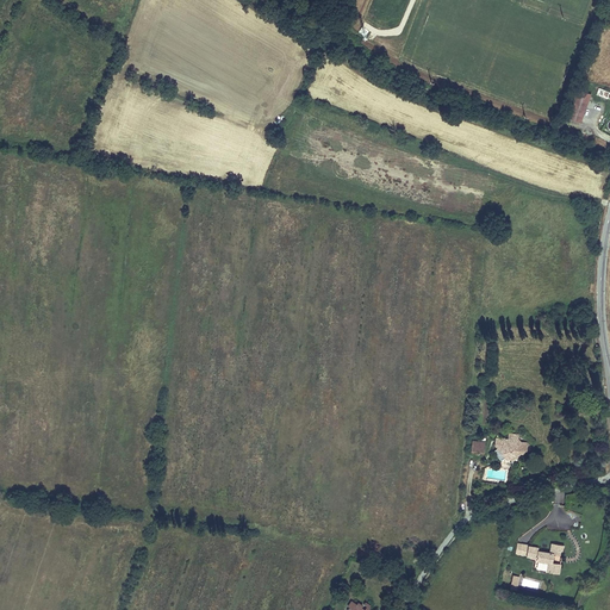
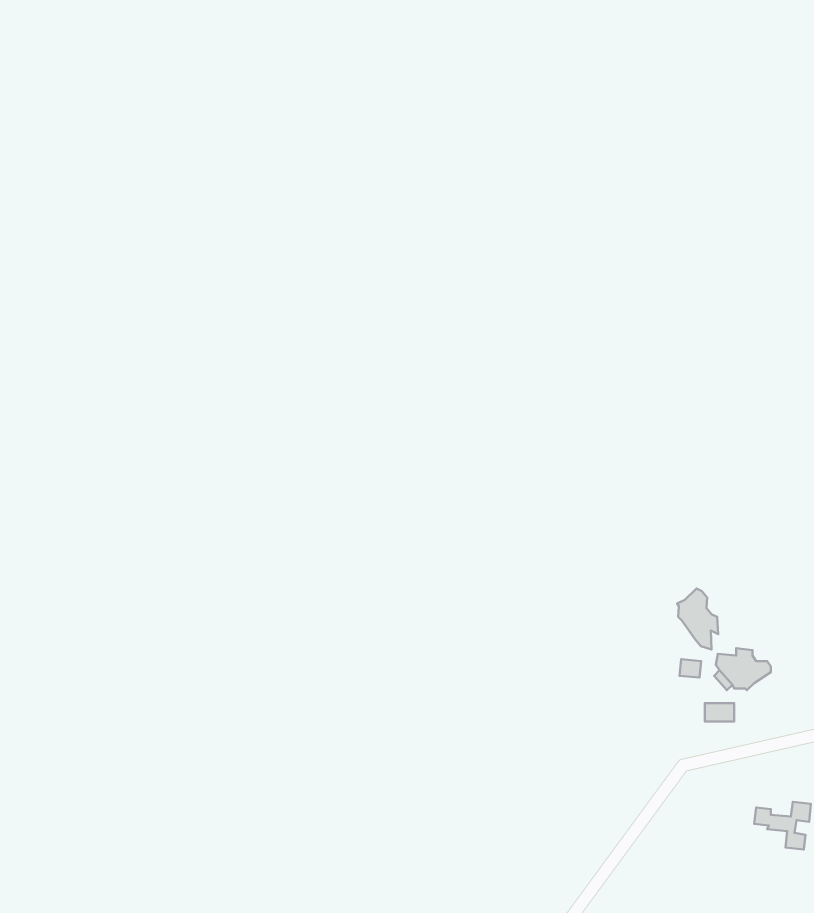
building: none -> [677,589,718,650]

